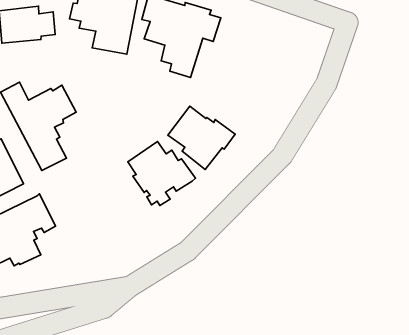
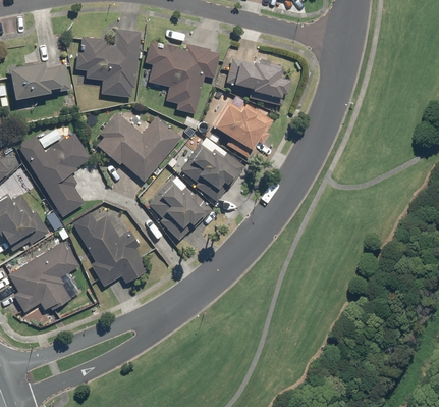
building: none -> [226,59,292,105]
building: none -> [98,112,180,181]
building: none -> [215,102,272,159]
building: none -> [72,212,148,287]

